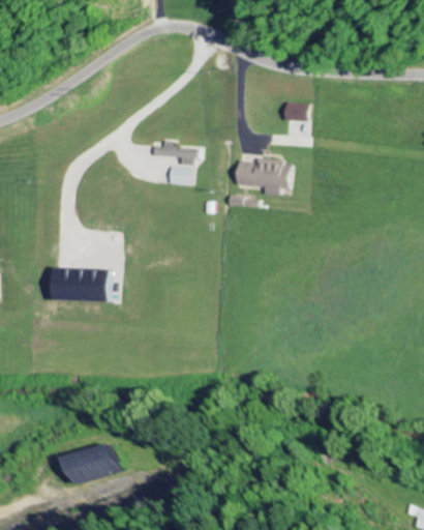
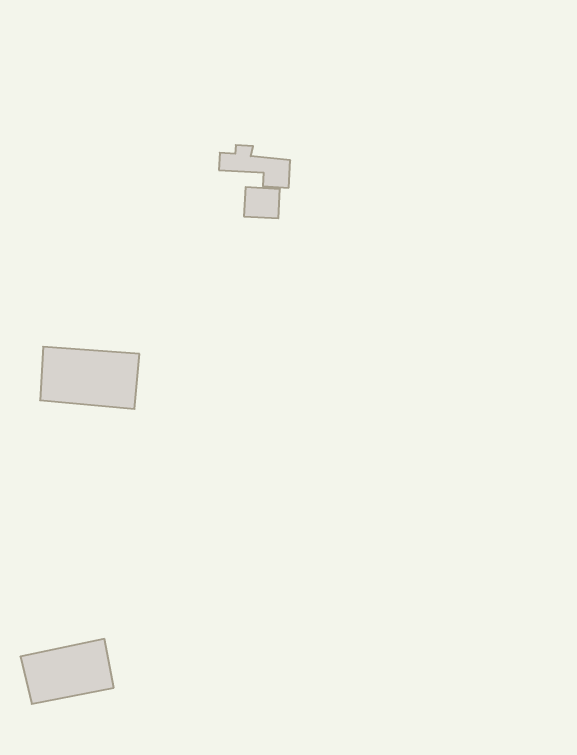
building: [285,102,309,120] -> none
building: [237,157,293,195] -> none

